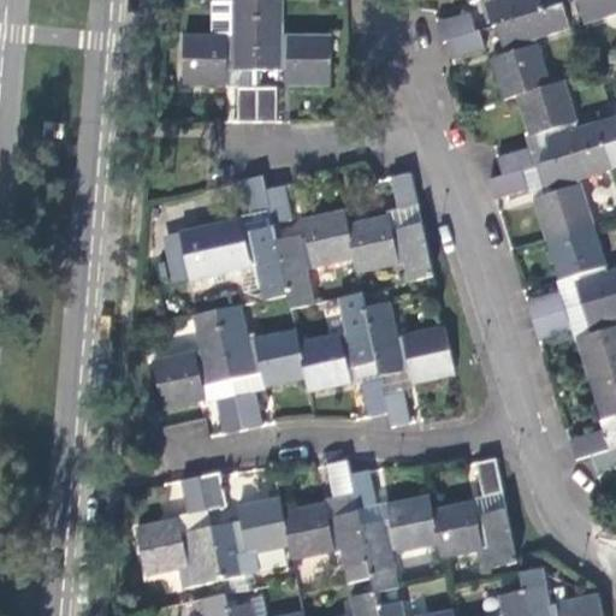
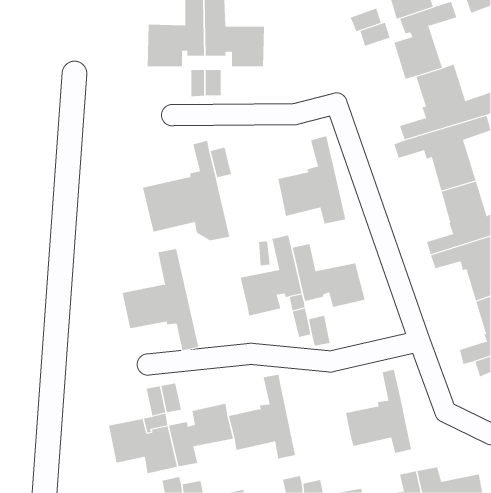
building: [273,209,353,307] -> none
building: [220,304,307,432] -> none
building: [350,475,436,578] -> none

